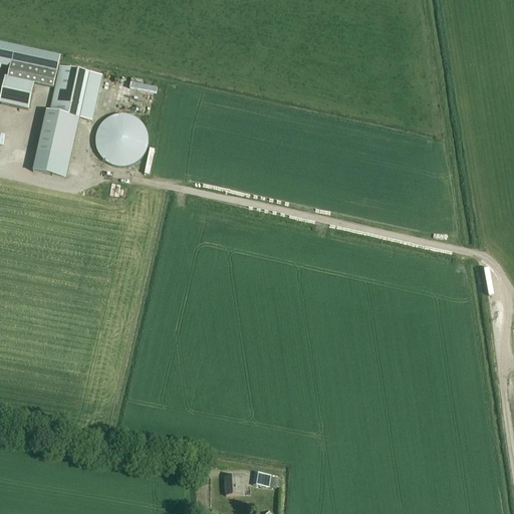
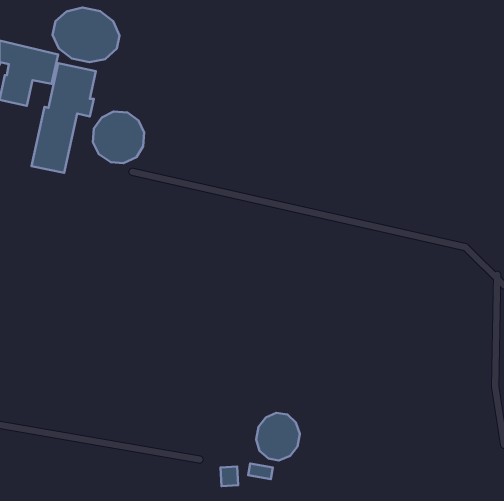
building: none -> [52,7,119,62]
building: none -> [256,413,300,460]

